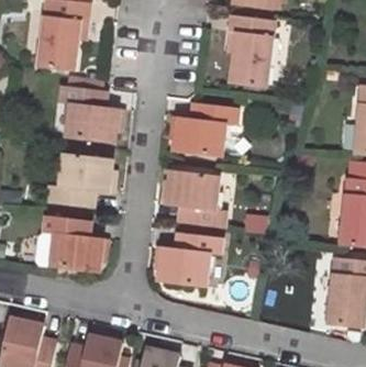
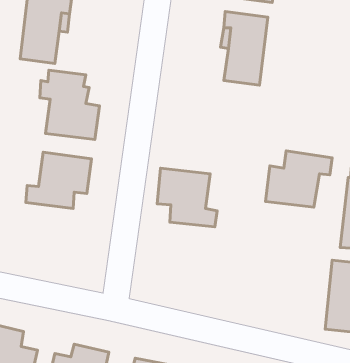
building: [175,101,239,155] -> [265,151,332,207]
building: [37,214,96,273] -> none
building: [158,230,222,283] -> none

